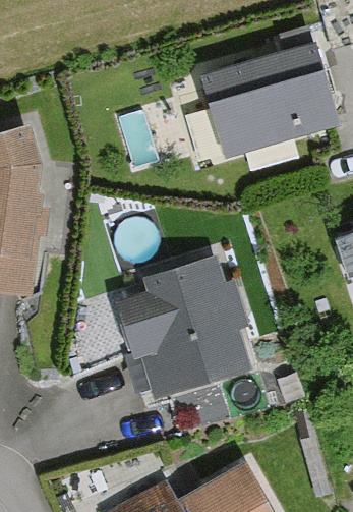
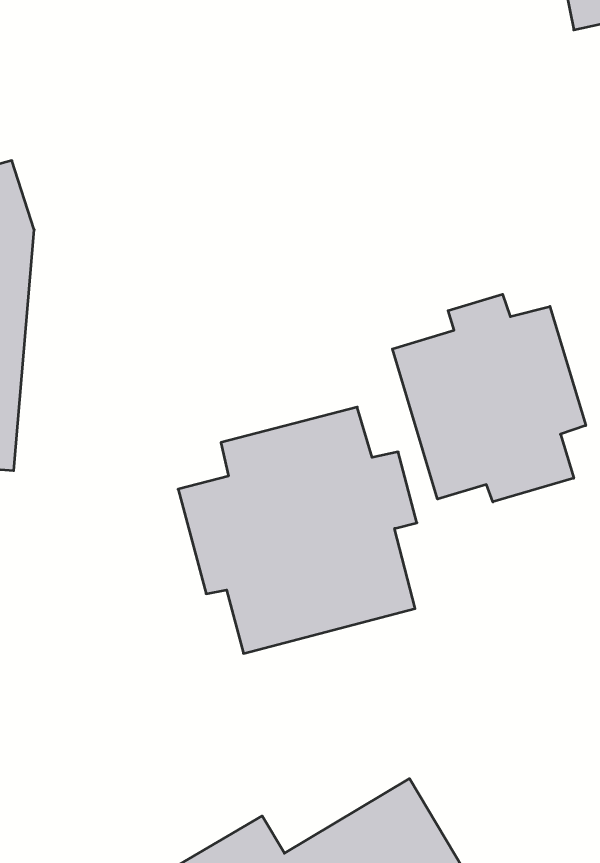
building: [199,42,337,156] -> none
building: none -> [392,294,586,502]

